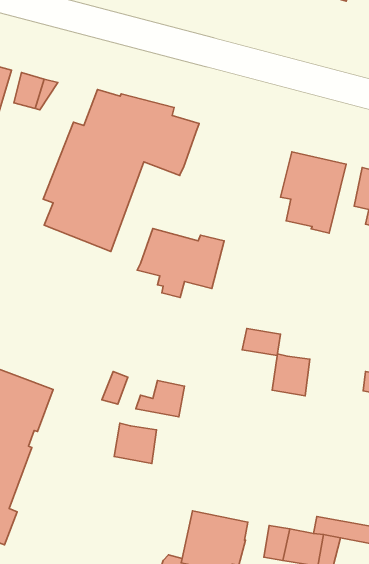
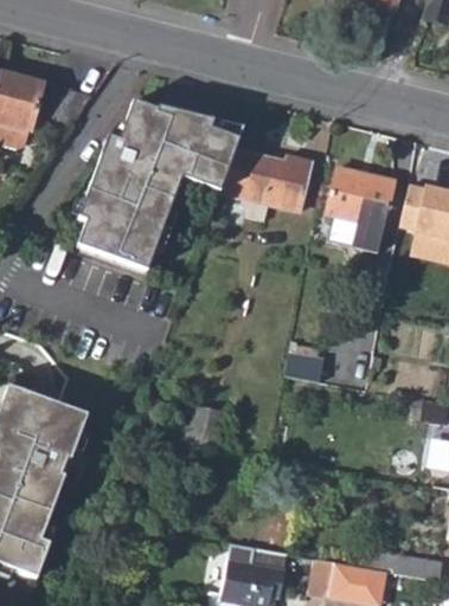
building: [137,228,224,297] -> [220,147,312,219]
building: [272,354,310,396] -> none
building: [114,423,156,464] -> none

